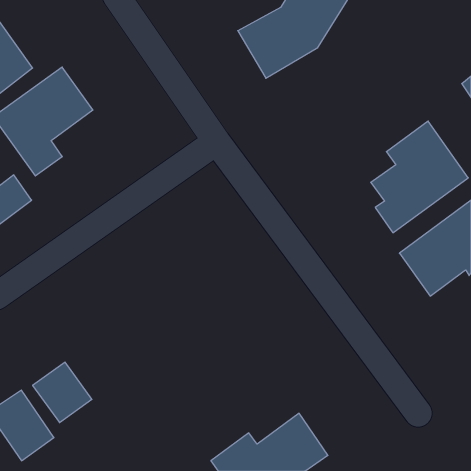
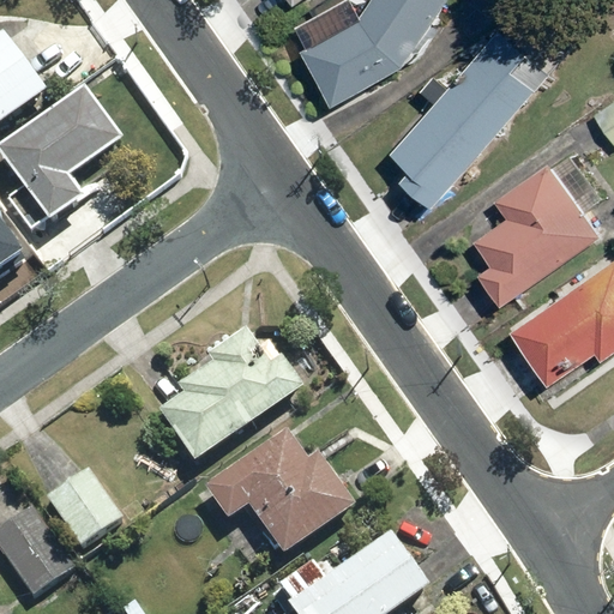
building: none -> [397,19,552,201]
building: none -> [154,329,301,465]
building: none -> [200,426,354,555]

